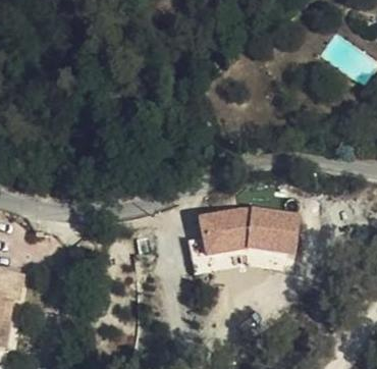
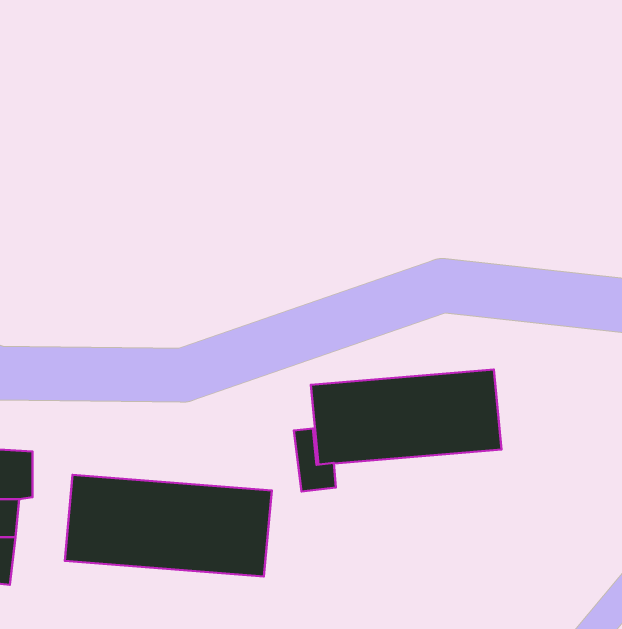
building: none -> [65,475,272,576]

